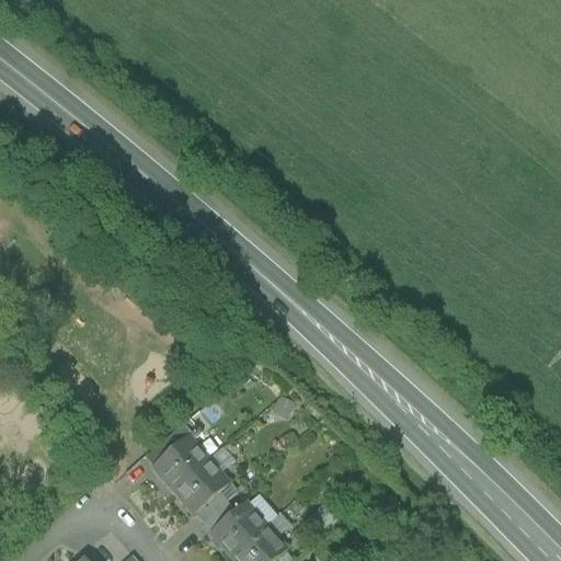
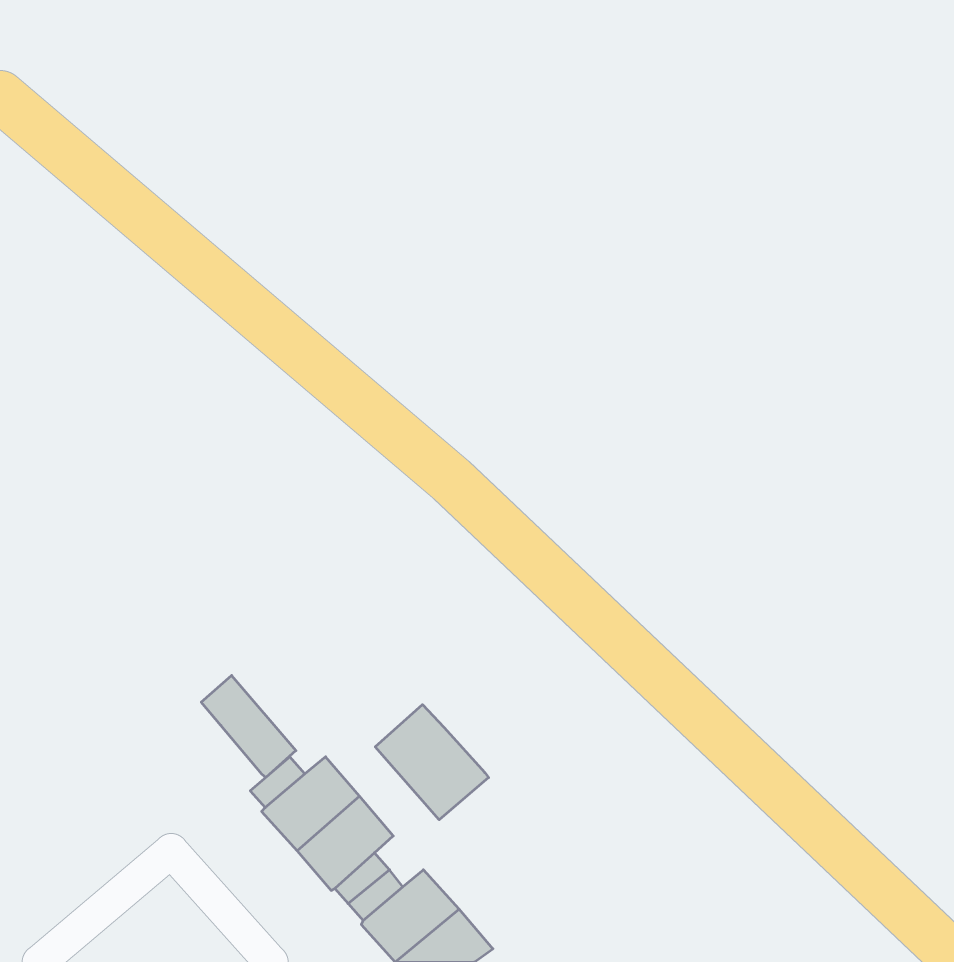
building: none -> [201,675,296,777]
building: none -> [375,705,489,820]

